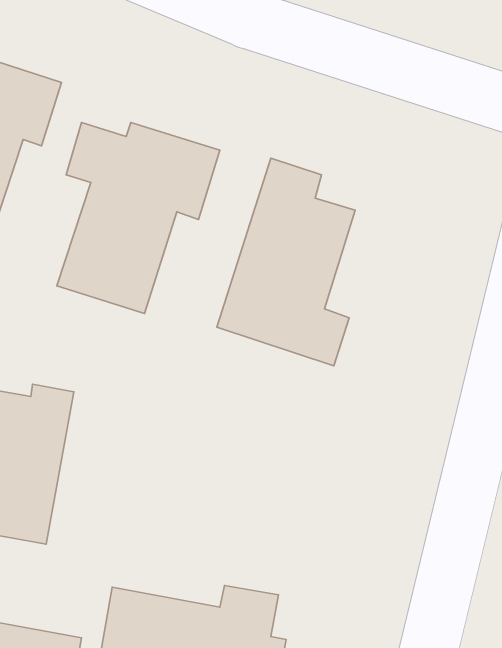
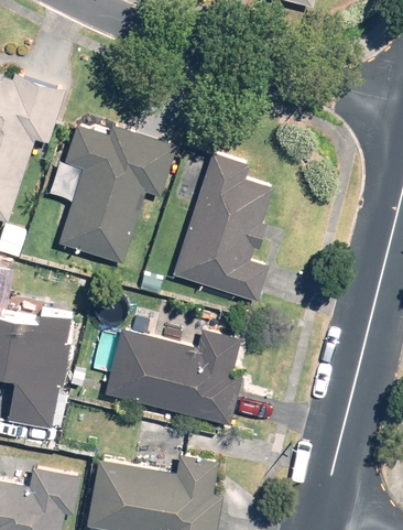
building: none -> [105,328,240,424]

